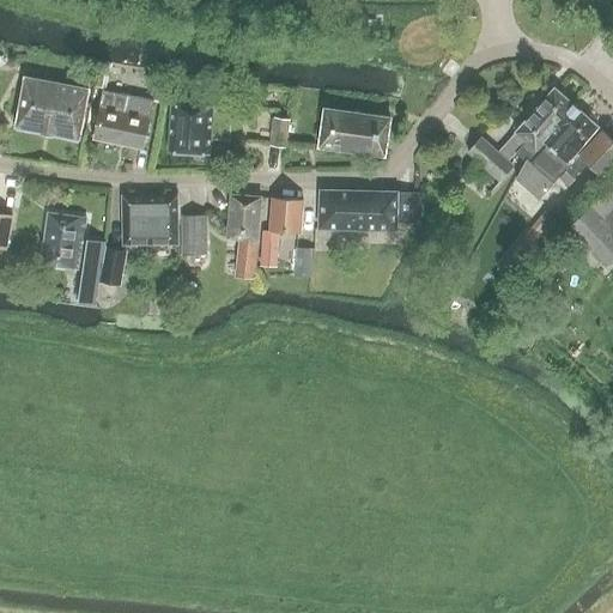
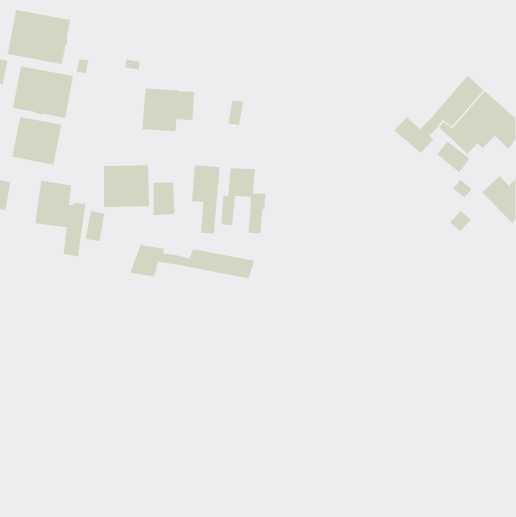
building: none -> [7,9,71,65]
building: [92,91,152,148] -> [12,116,62,165]
building: [318,109,389,157] -> none
building: [318,192,413,231] -> none
building: none -> [130,244,255,279]

